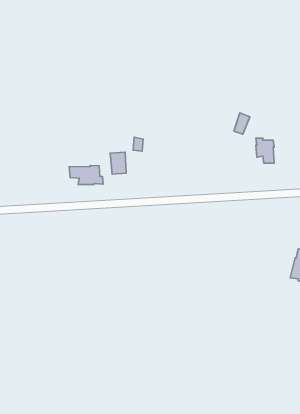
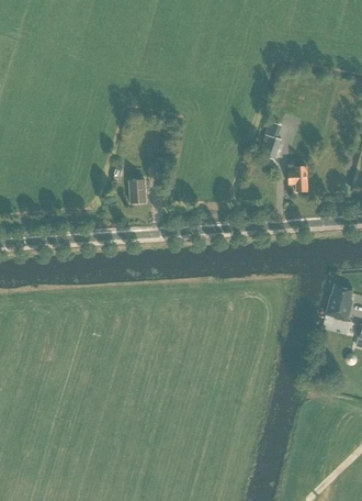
building: [69,165,103,185] -> none

